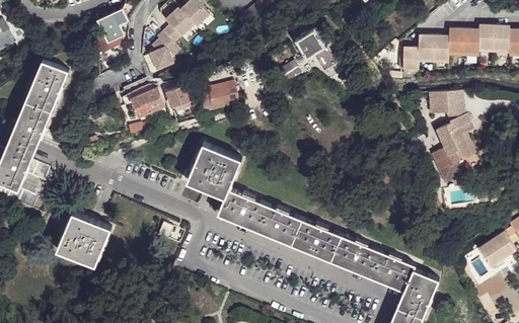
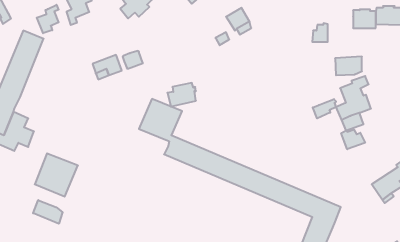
building: none -> [37,5,59,33]
building: [150,30,180,69] -> none
building: [422,38,453,62] -> none
building: [202,80,237,109] -> [167,83,196,107]
building: none -> [313,99,336,118]
building: none -> [341,129,365,149]
building: none -> [33,200,63,224]

